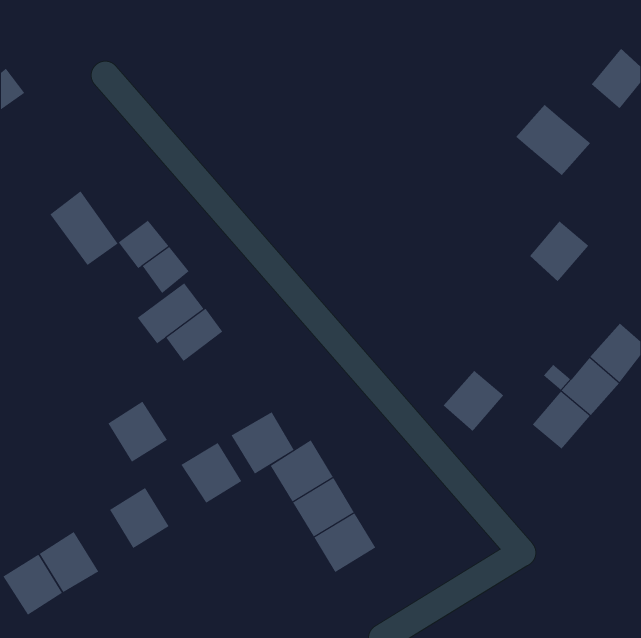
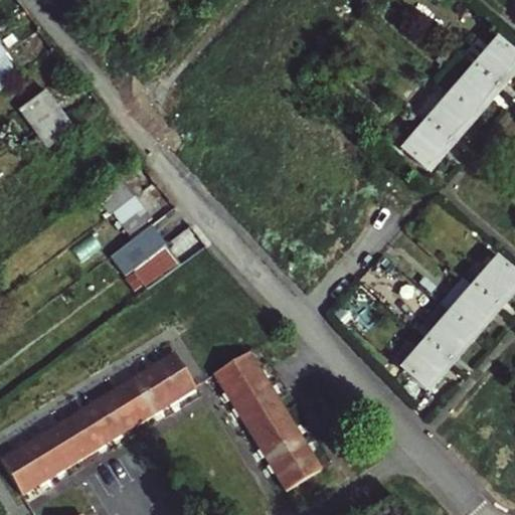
building: none -> [450,67,497,115]
building: [50,191,119,266] -> [26,80,81,141]
building: [529,221,589,282] -> [402,121,451,170]
building: [443,370,504,432] -> [401,340,451,389]
building: [108,401,168,462] -> [117,372,165,421]
building: [231,411,294,475] -> none
building: none -> [59,408,107,458]
building: none -> [269,439,320,488]

